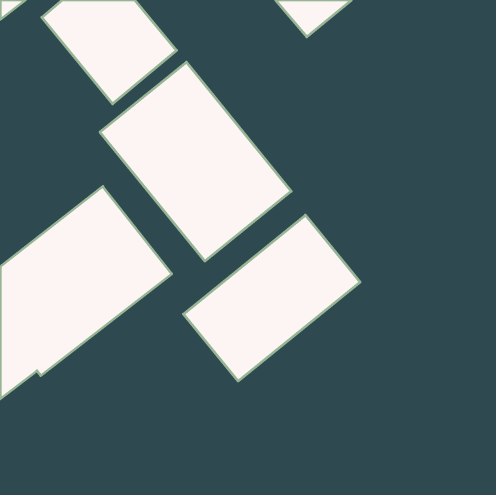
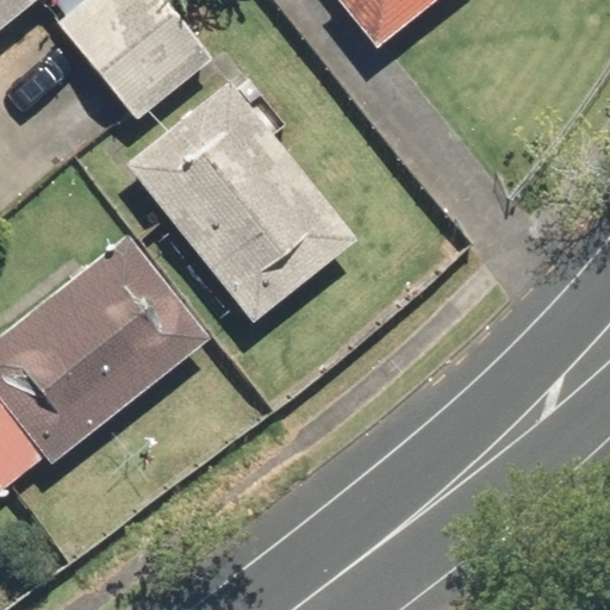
building: [183,215,360,381] -> none

